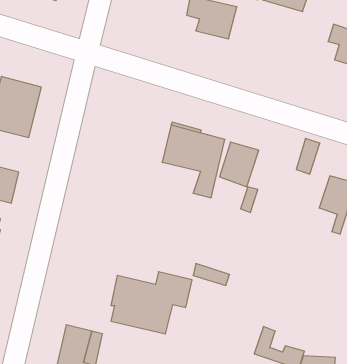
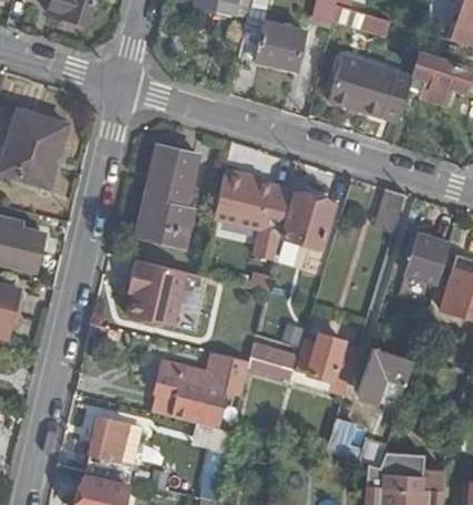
building: none -> [327,52,411,122]
building: none -> [144,151,199,249]
building: none -> [125,260,185,327]
building: none -> [298,334,359,387]
building: none -> [360,350,413,403]

